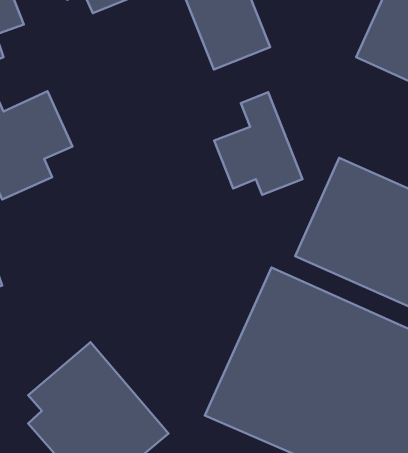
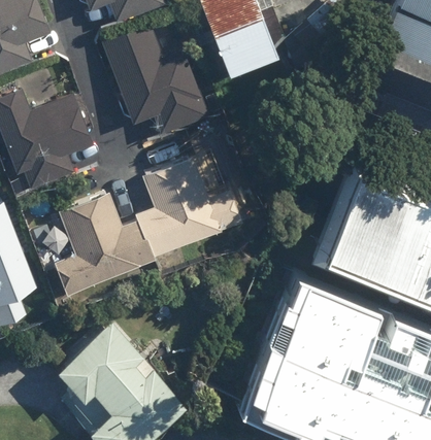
building: none -> [103,26,210,137]
building: [214,92,302,195] -> none
building: none -> [53,159,244,299]

